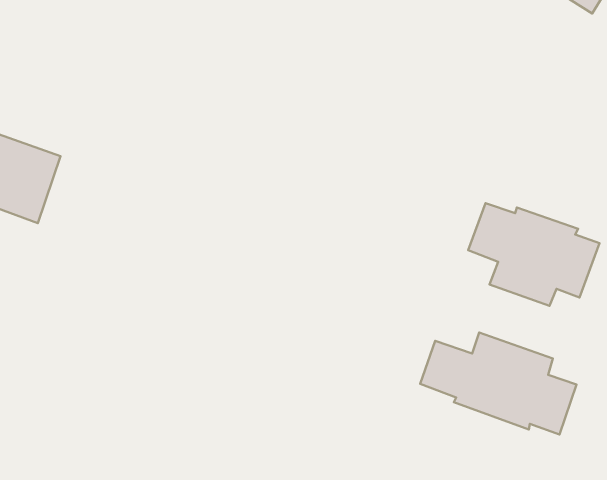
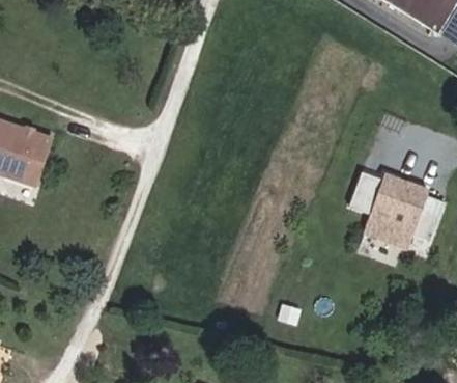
building: [420,332,576,434] -> none

